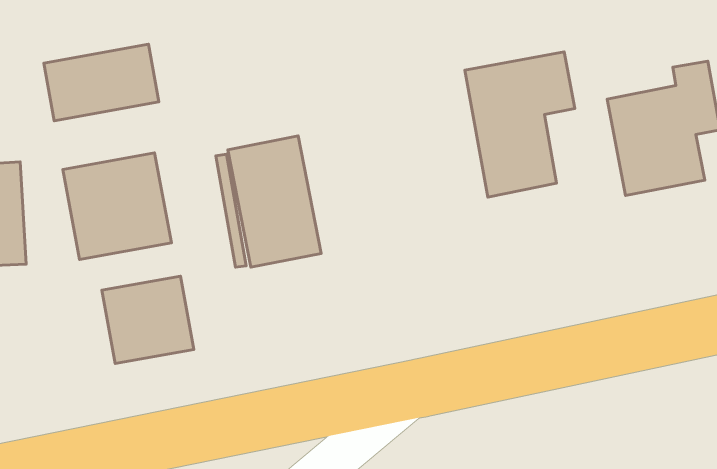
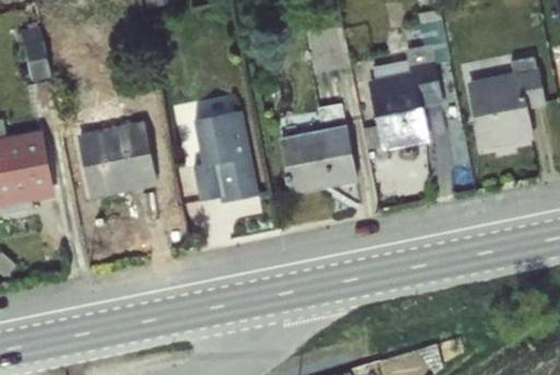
building: [44,44,159,121] -> none
building: none -> [280,126,354,189]
building: [102,276,194,364] -> none

